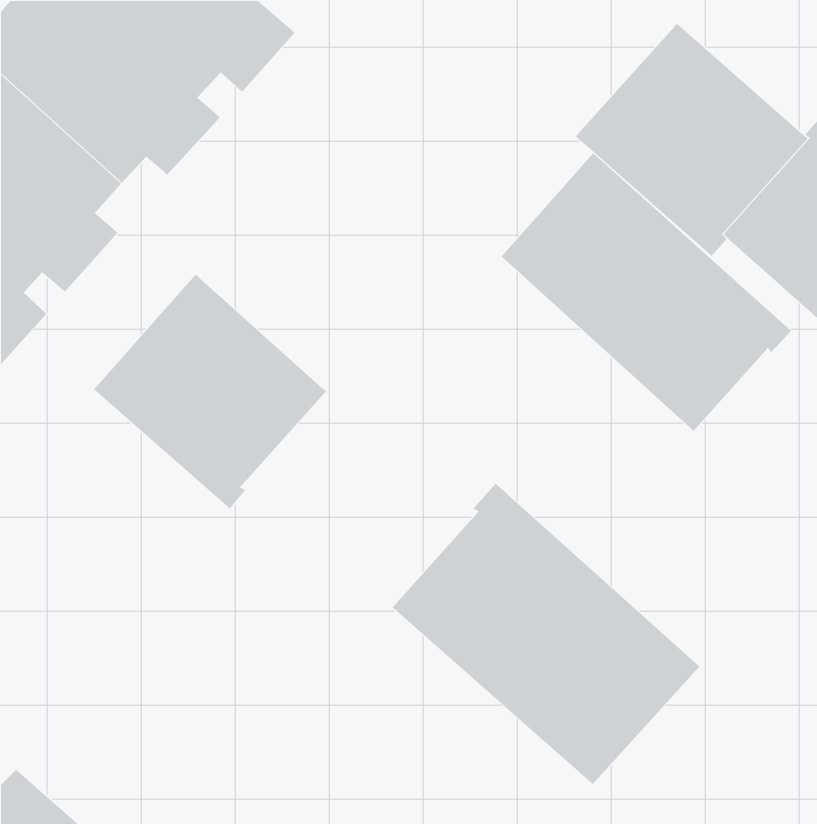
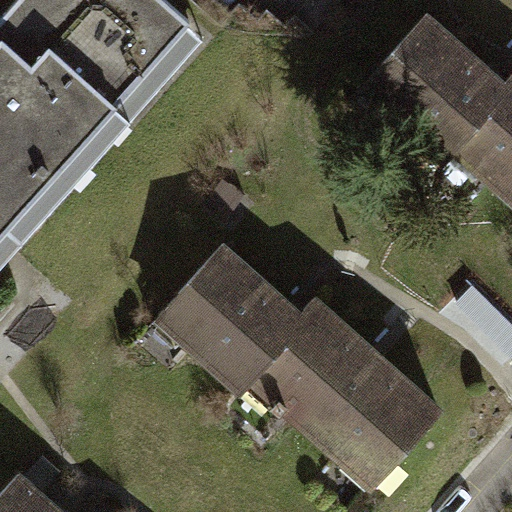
building: [501,153,792,432] -> none
building: [93,274,327,510] -> [158,247,302,392]

